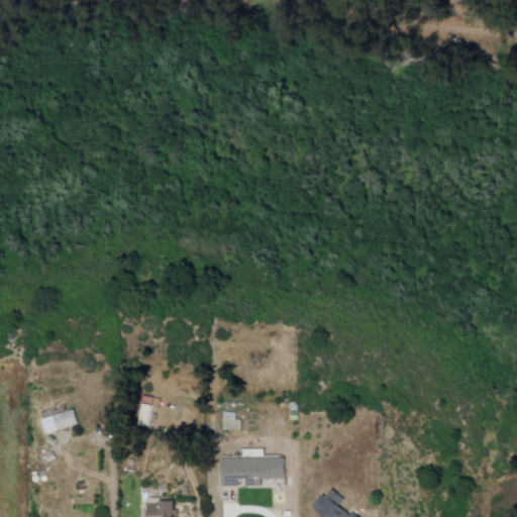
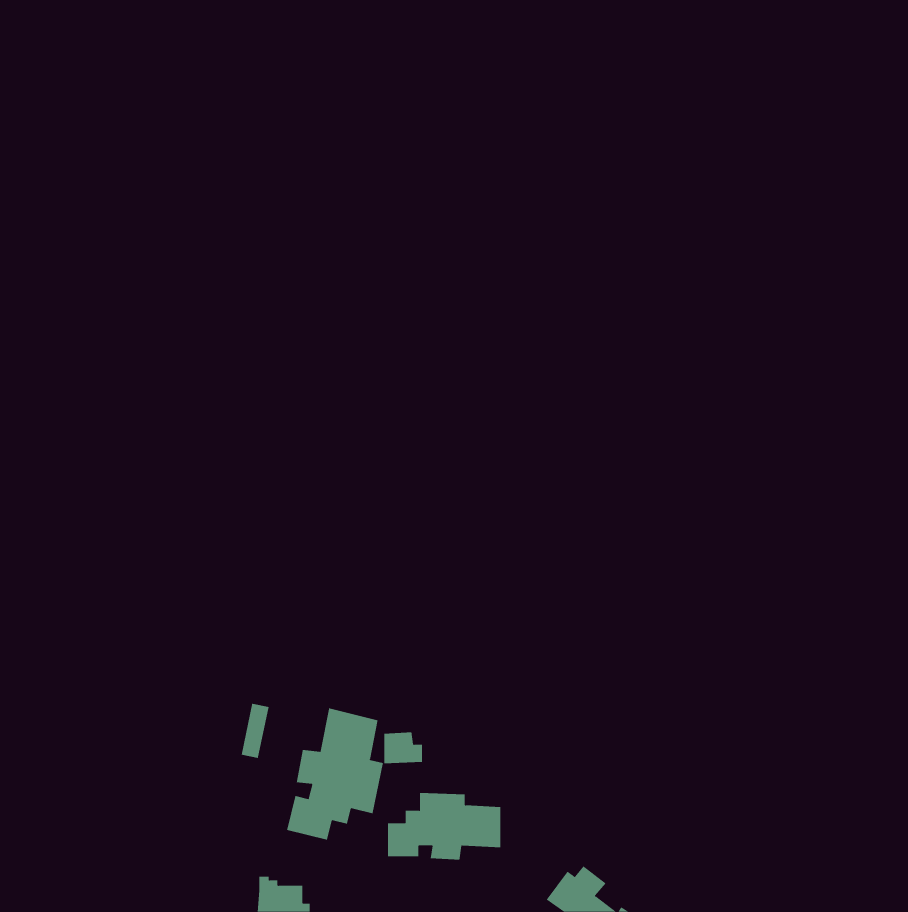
building: none -> [286,708,383,840]
building: [50,408,76,431] -> none

